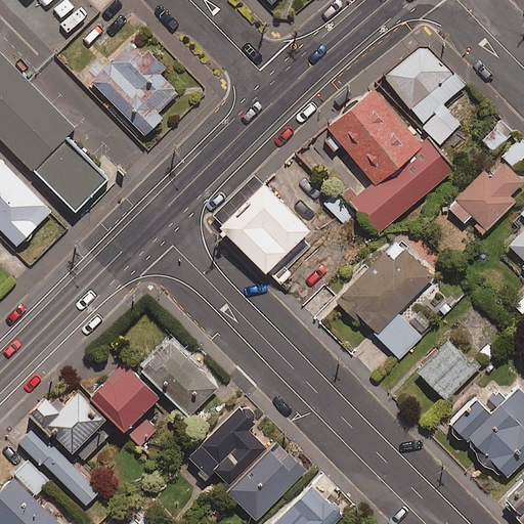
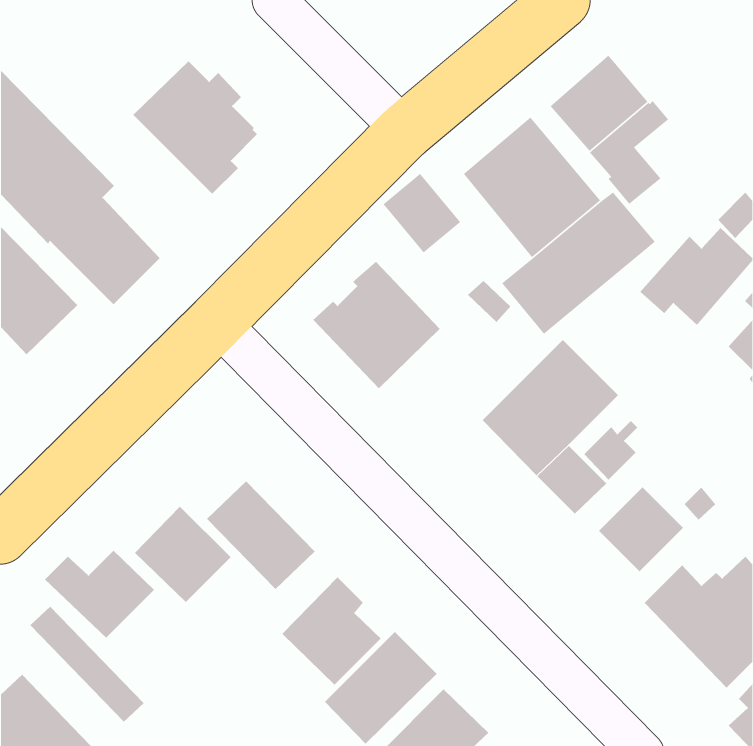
building: none -> [382,173,461,254]

